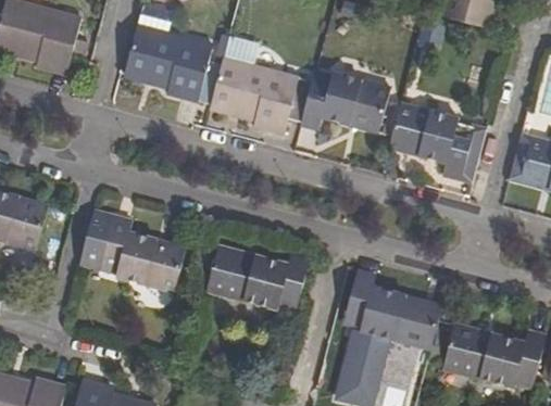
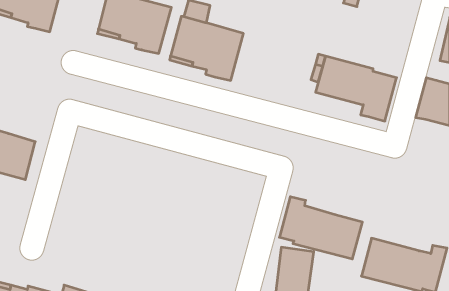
building: [299,69,390,131] -> none
building: [78,210,187,293] -> none
building: [206,244,309,309] -> none

